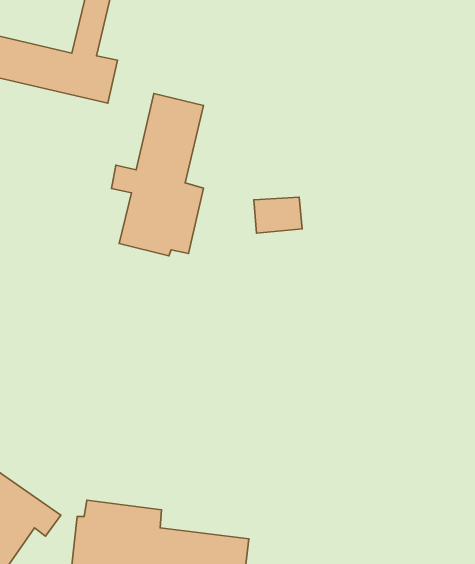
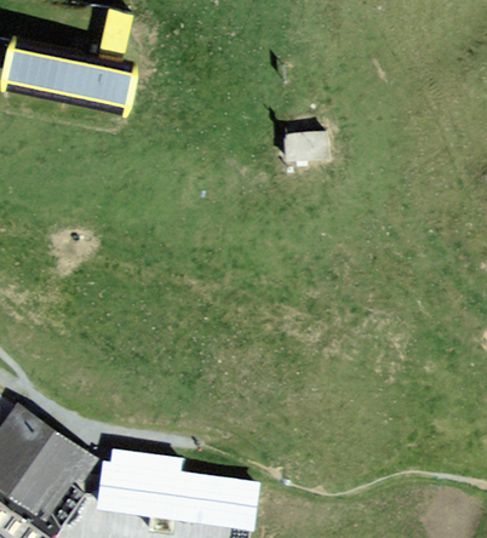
building: [111,93,204,256] -> none
building: [254,197,302,233] -> [285,127,327,159]

